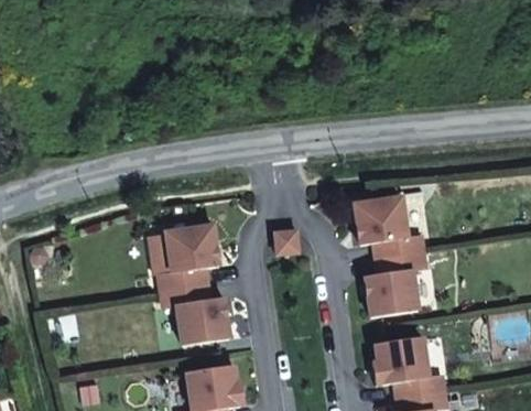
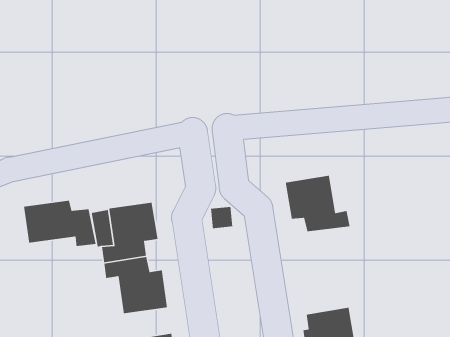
building: none -> [23,200,97,247]
building: [365,252,425,316] -> none

